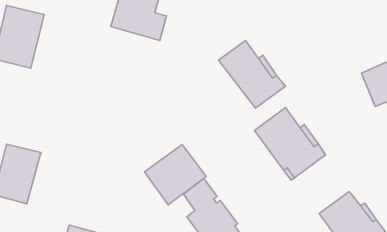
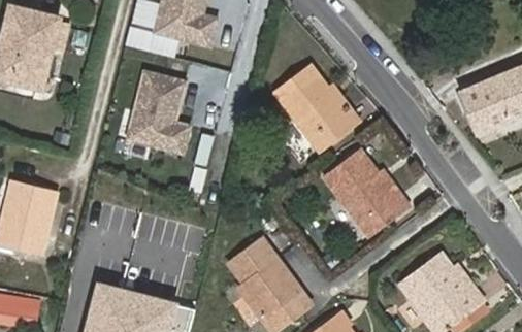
building: none -> [117,73,187,161]
building: [145,144,206,205] -> none

